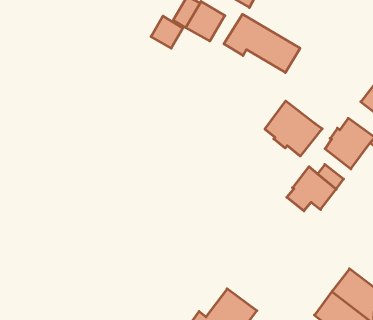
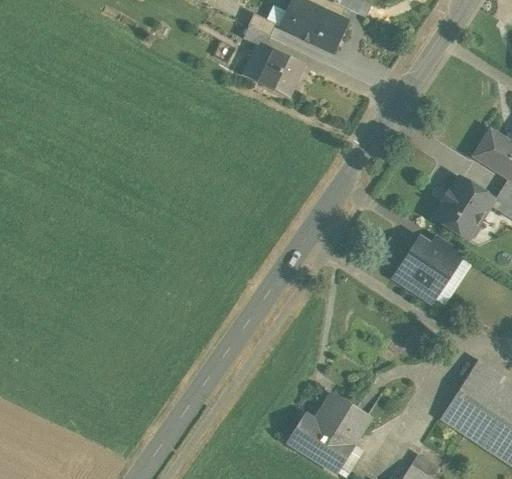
building: [224,14,300,73] -> none
building: [151,16,183,48] -> none
building: [265,101,322,156] -> none

